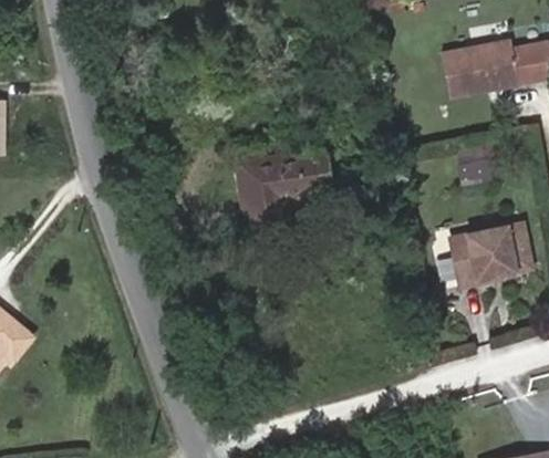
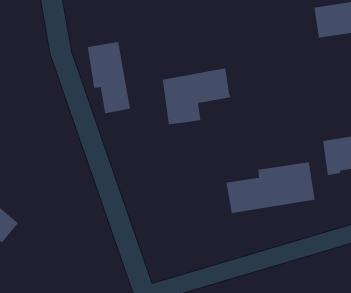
building: none -> [87,41,131,114]
building: none -> [226,161,316,214]

